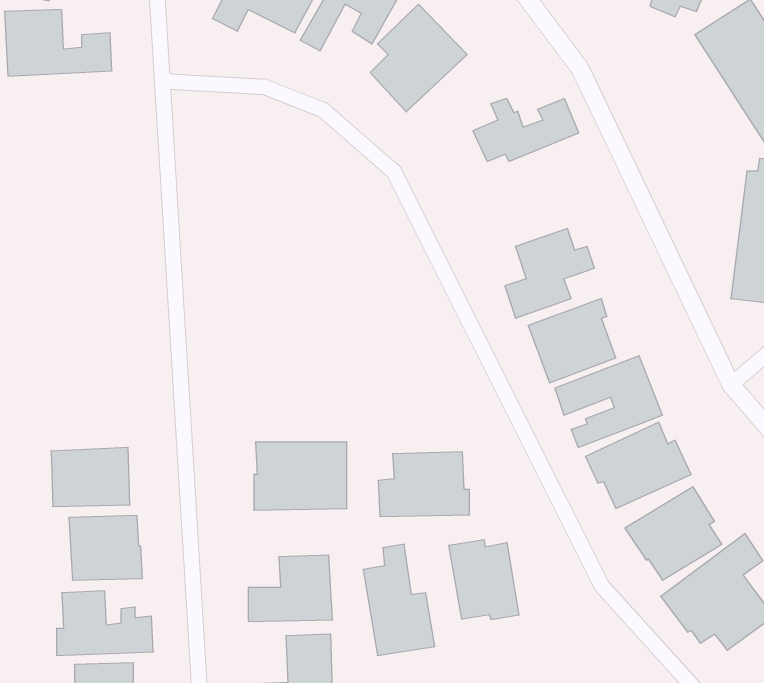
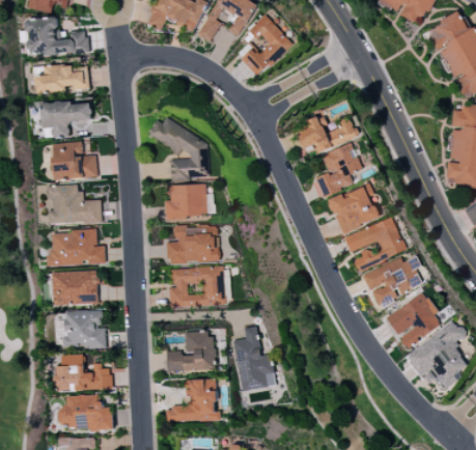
building: none -> [35,65,89,93]
building: [473,99,579,161] -> [297,117,358,153]
building: none -> [41,102,92,138]
building: none -> [148,117,209,178]
building: none -> [52,142,97,179]
building: none -> [47,185,102,224]
building: none -> [165,185,207,219]
building: none -> [49,231,105,265]
building: [378,452,470,517] -> [167,226,220,263]
building: [449,540,519,620] -> none

